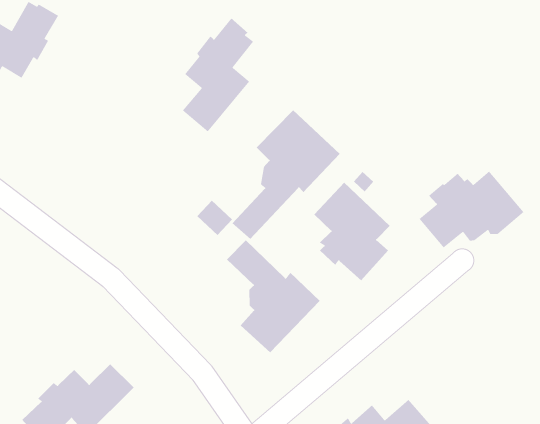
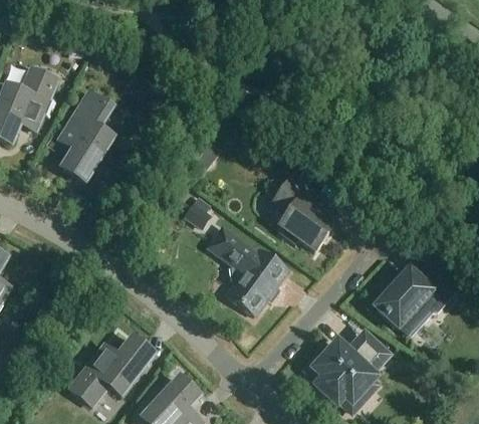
building: [182,17,254,132] -> [60,90,111,181]
building: [231,109,340,240] -> none
building: [419,171,524,249] -> [376,262,456,327]

